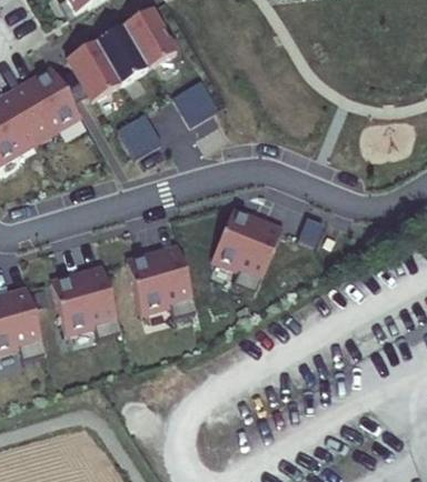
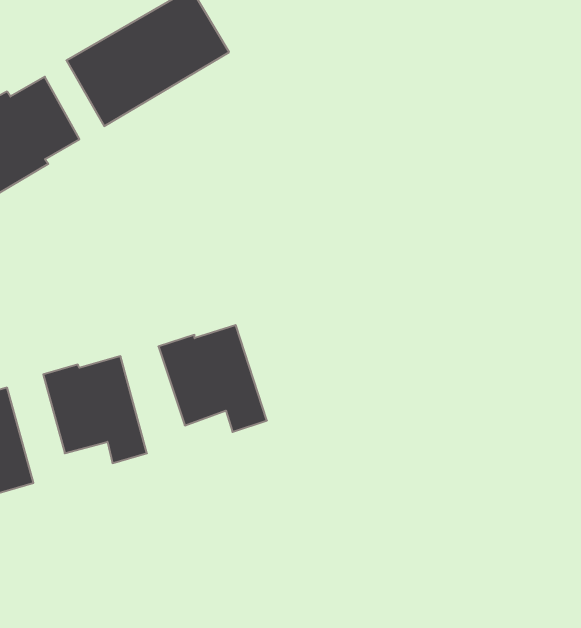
building: [172,81,216,124] -> none
building: [116,114,159,157] -> none
building: [216,207,286,291] -> none

